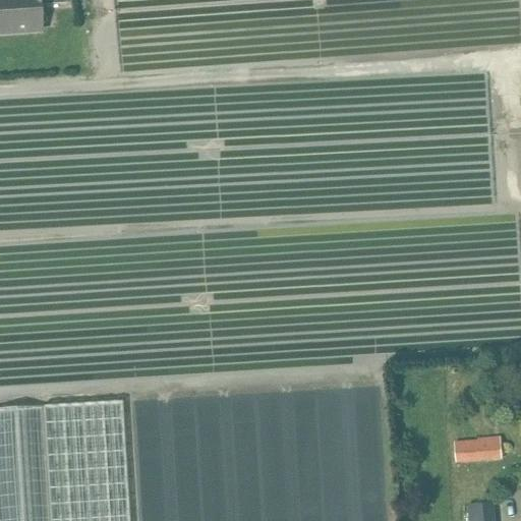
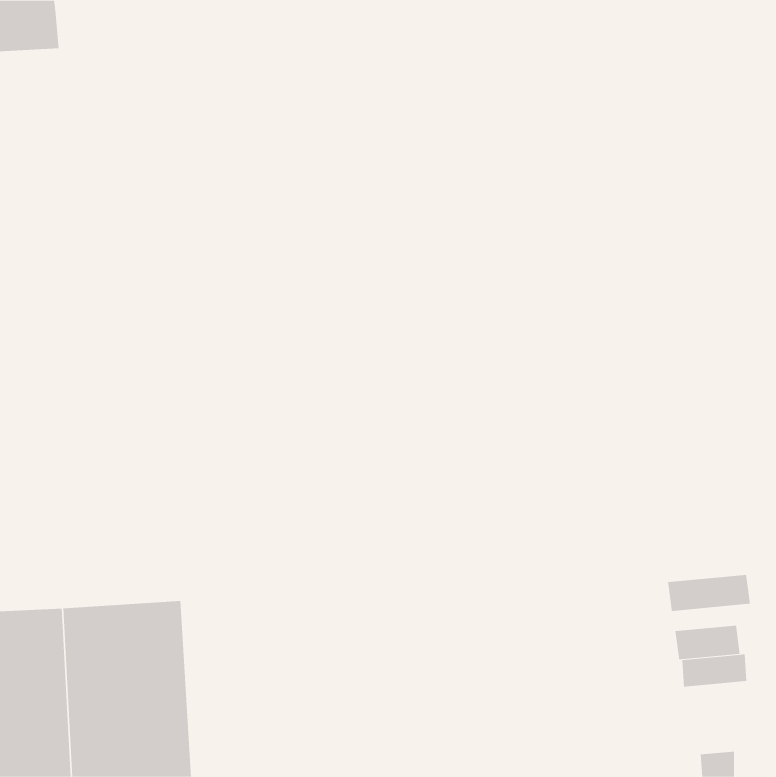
building: none -> [667,574,751,612]
building: none -> [675,625,740,660]

